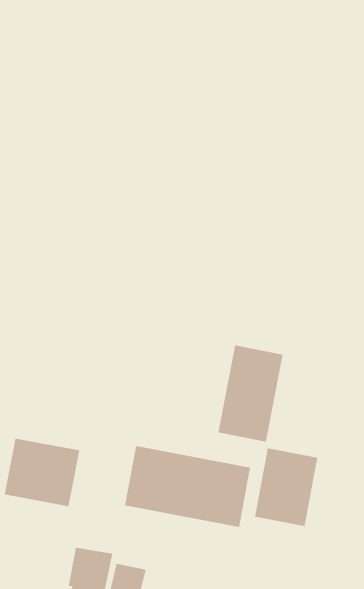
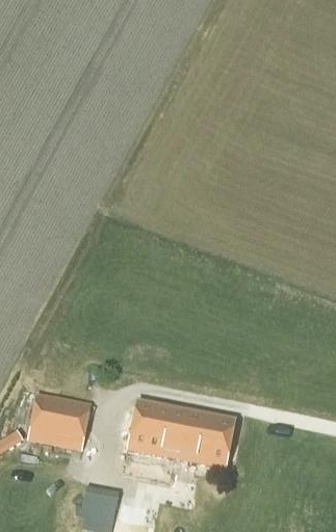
building: [218,345,283,443] -> none
building: [255,447,318,527] -> none

